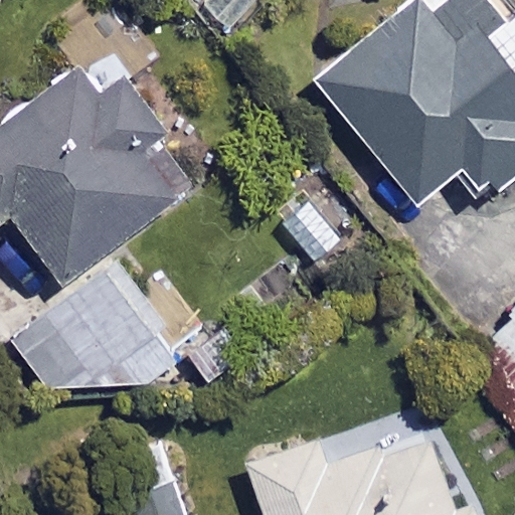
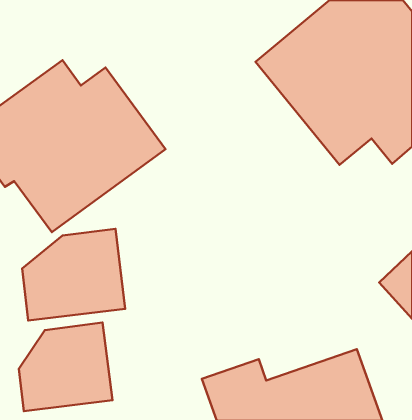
building: none -> [19,322,113,411]

